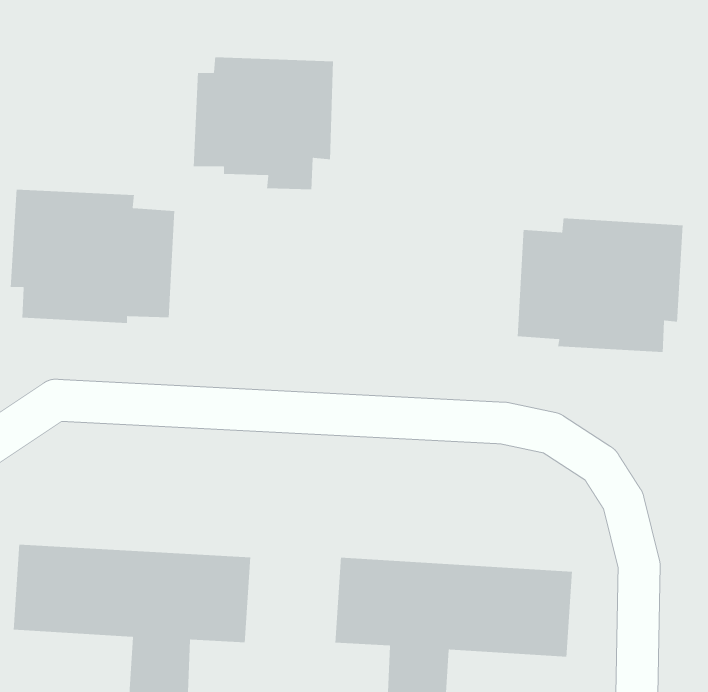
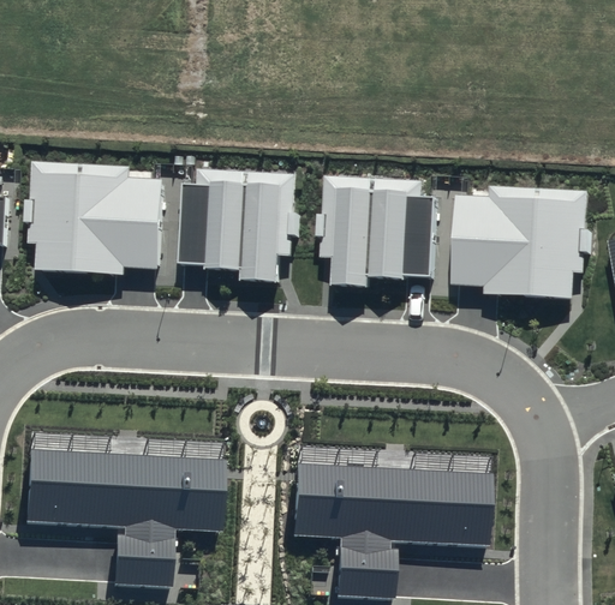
building: [193,57,334,190] -> [177,167,294,278]
building: none -> [318,173,432,283]

